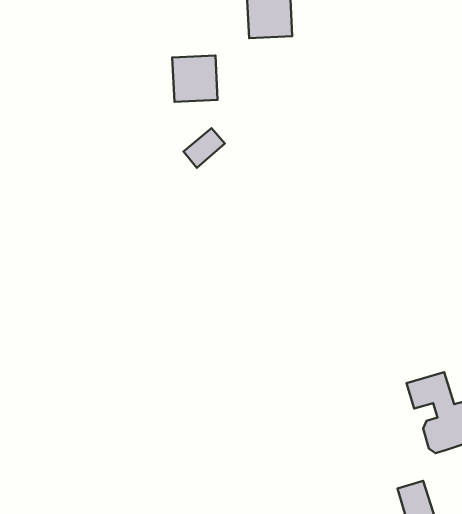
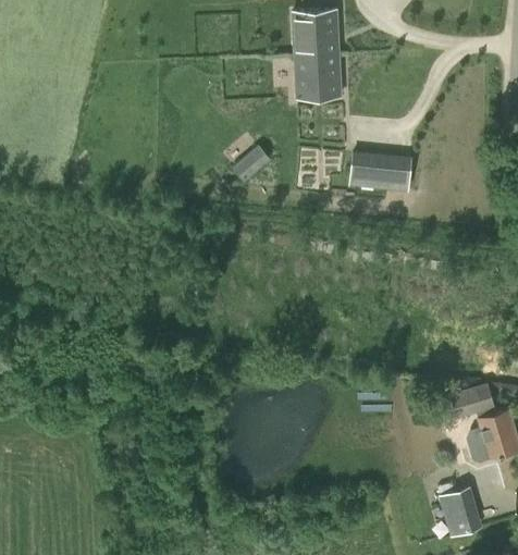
building: [172,55,218,102] -> [296,53,341,99]
building: none -> [350,153,411,189]

